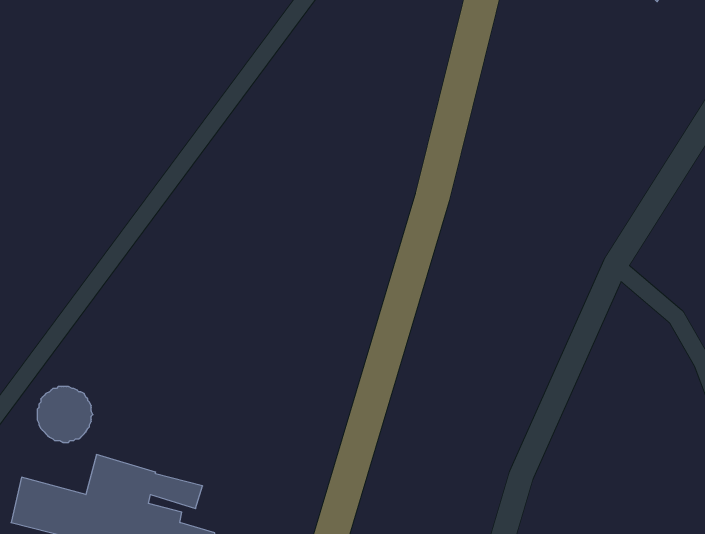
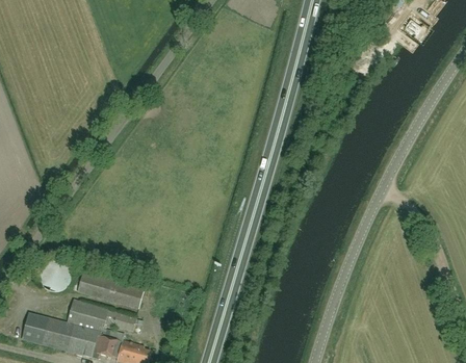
building: none -> [77,273,145,308]

